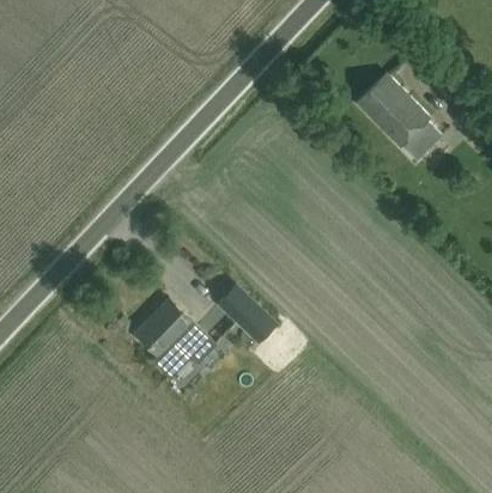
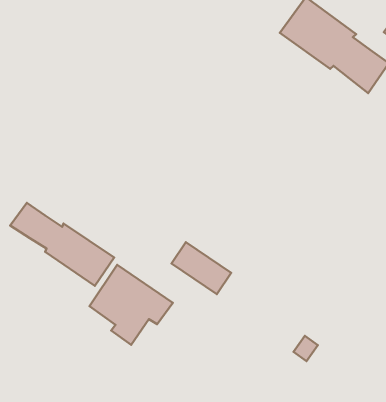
building: none -> [10,203,114,286]

